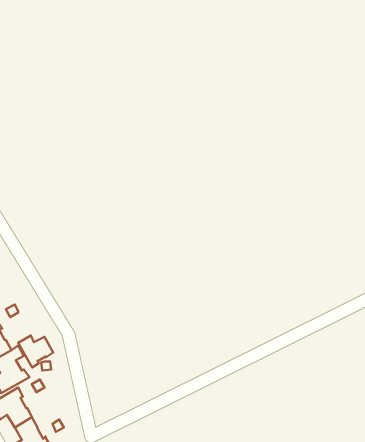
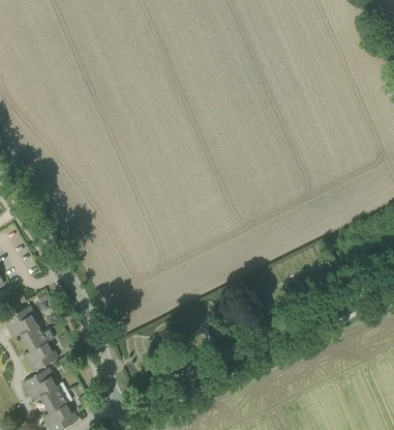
building: [18,336,53,368] -> none

